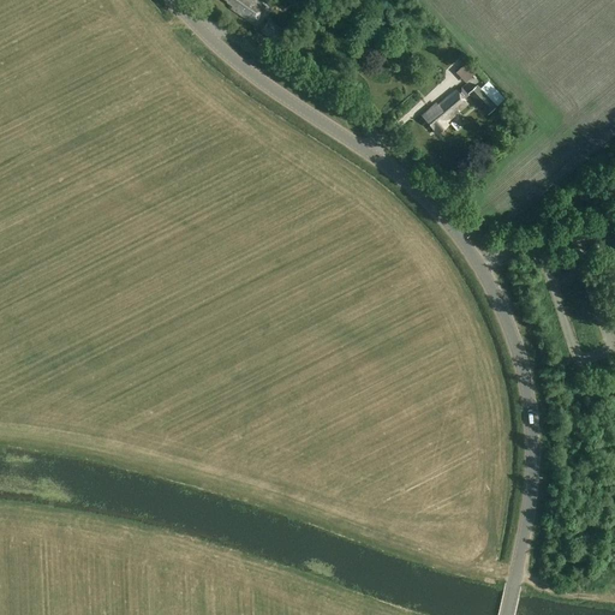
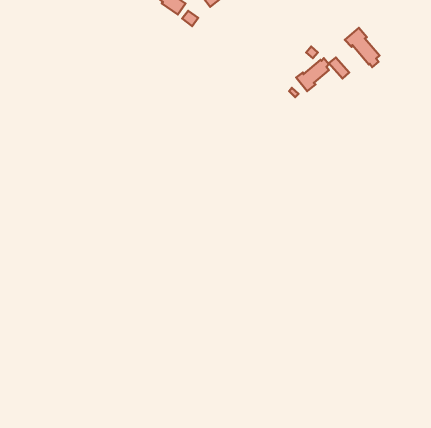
building: none -> [345,28,379,67]

